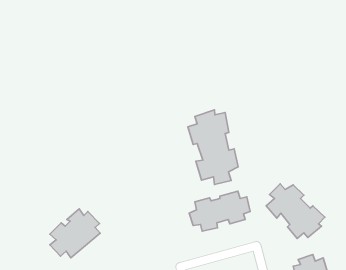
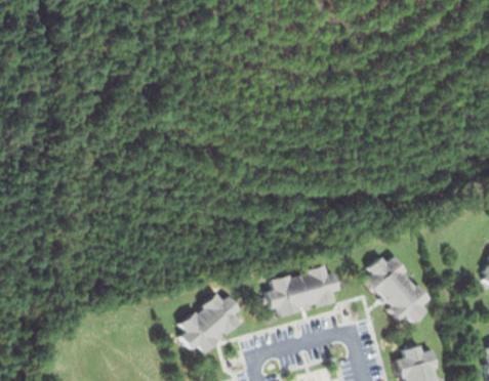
building: [188,110,238,184] -> none
building: [50,209,100,258] -> [177,293,241,354]

